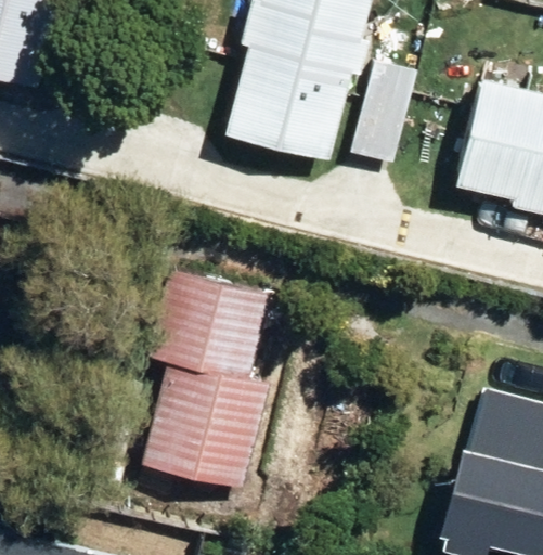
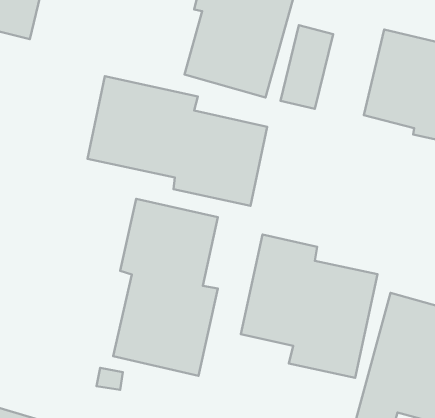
building: none -> [88,76,267,206]
building: none -> [241,235,377,378]

